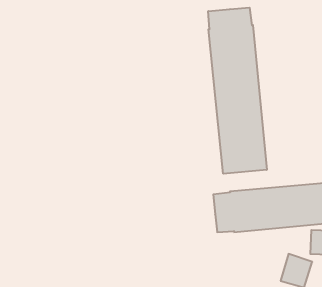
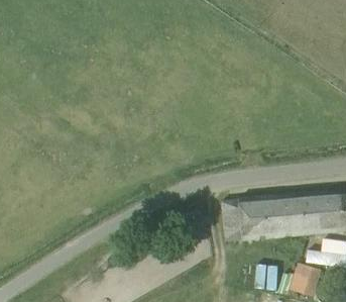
building: [208,8,267,174] -> none

